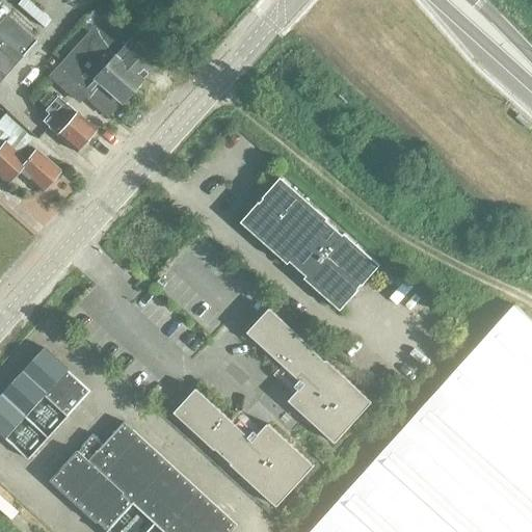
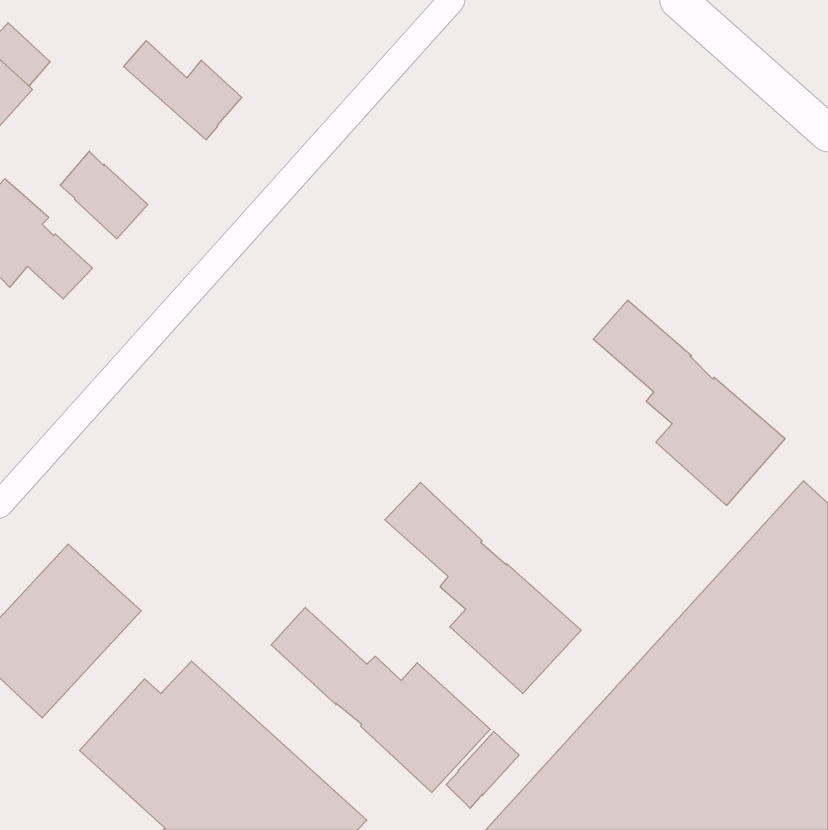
building: [49,43,132,115] -> none
building: [240,178,379,312] -> none
building: none -> [593,300,785,505]
building: none -> [446,731,519,808]

